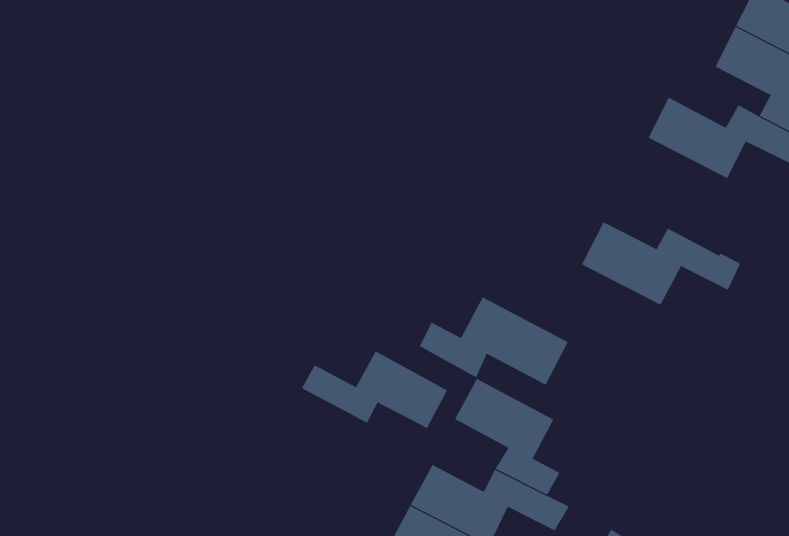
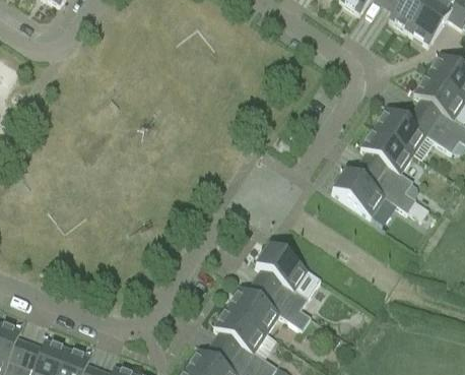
building: none -> [359,126,418,197]
building: [419,296,568,386] -> none
building: [301,351,448,429] -> none

